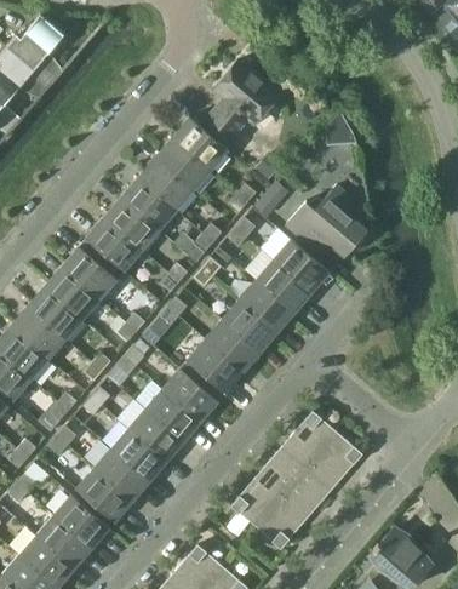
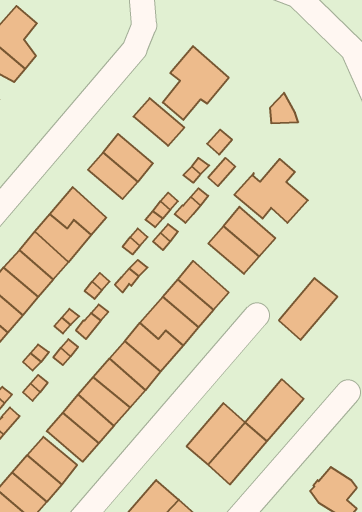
building: [155,138,211,190] -> none
building: [104,198,160,251] -> none
building: [239,280,296,334] -> none
building: [273,411,338,480] -> [279,278,337,340]

